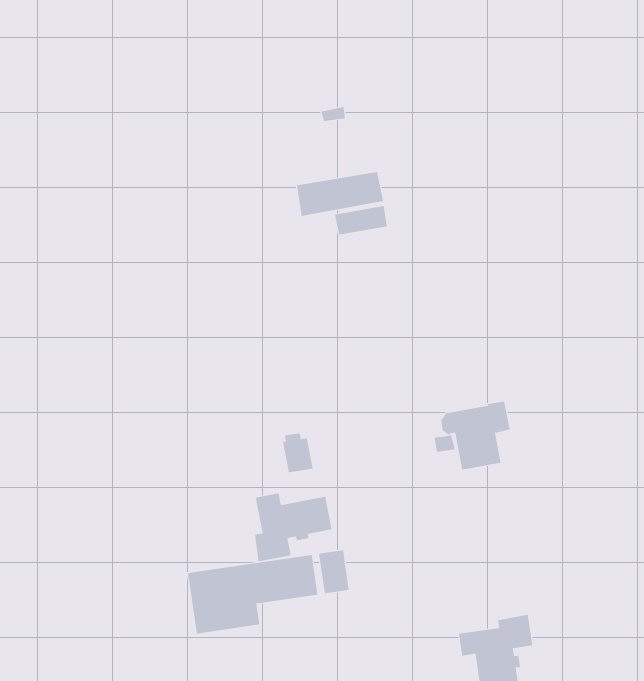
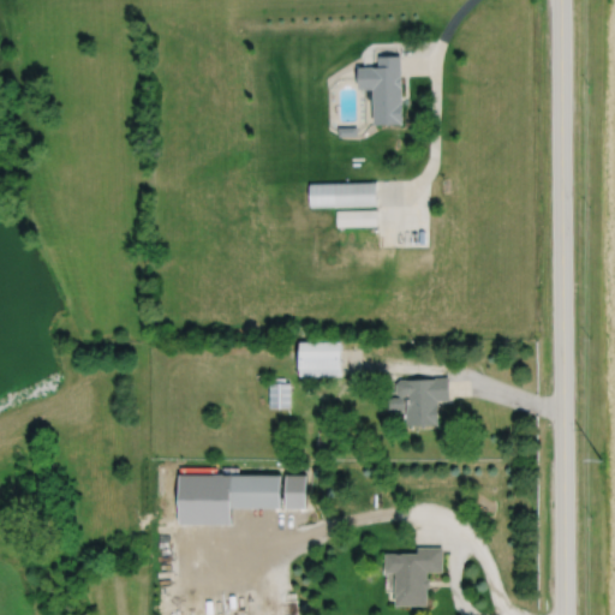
building: none -> [357,54,402,123]
building: none -> [298,341,340,376]
building: [254,493,332,562] -> none

